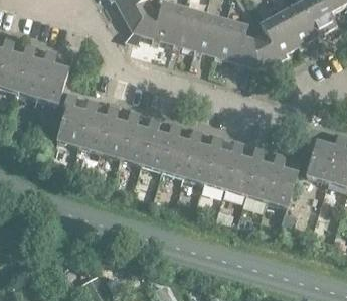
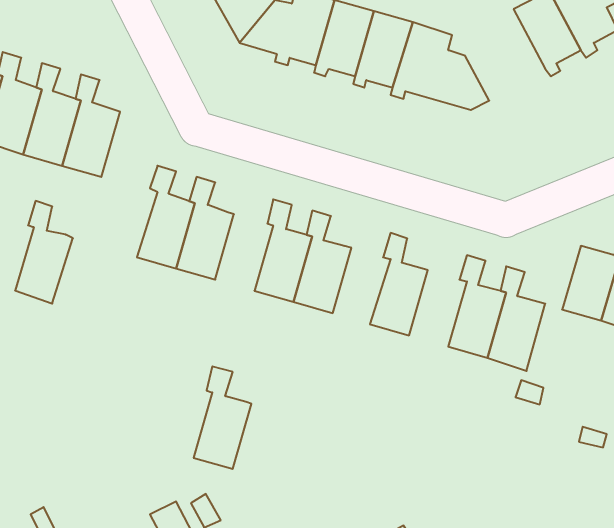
building: [259,12,297,58] -> none
building: [56,91,88,146] -> [15,201,73,304]
building: [119,109,150,164] -> [194,366,251,469]
building: [182,127,213,182] -> none
building: [223,139,254,194] -> none

